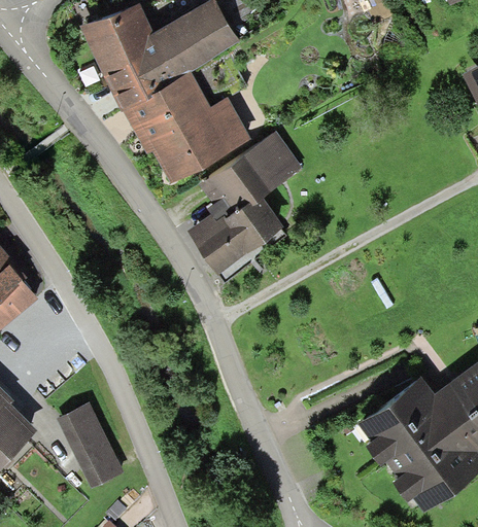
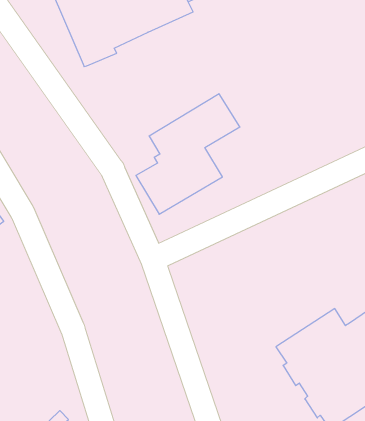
building: [125,71,251,185] -> none
building: [58,401,124,487] -> none

